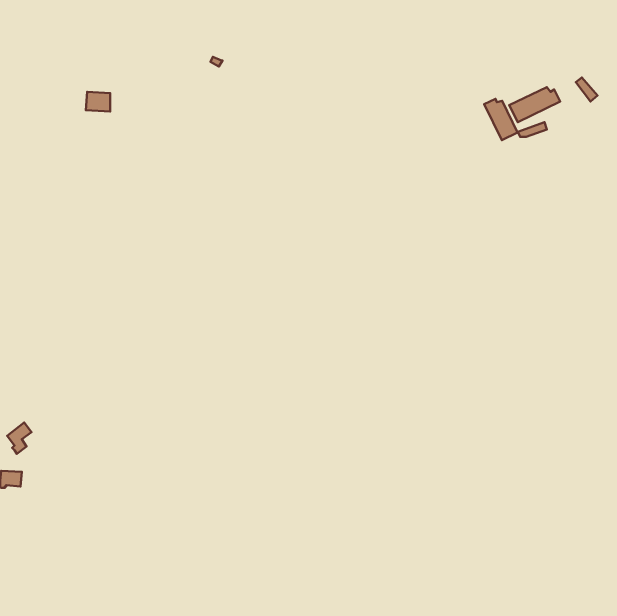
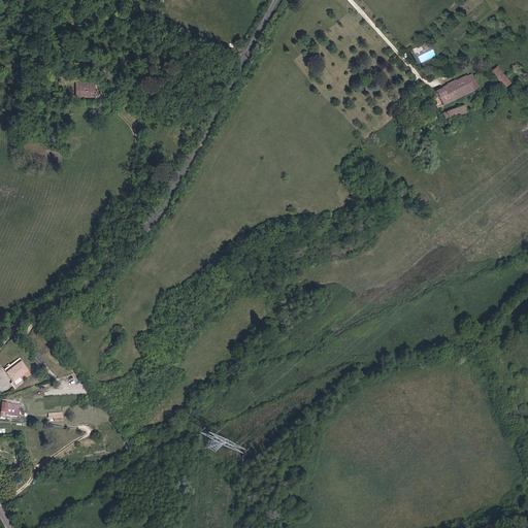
building: [484,99,518,140] -> none

